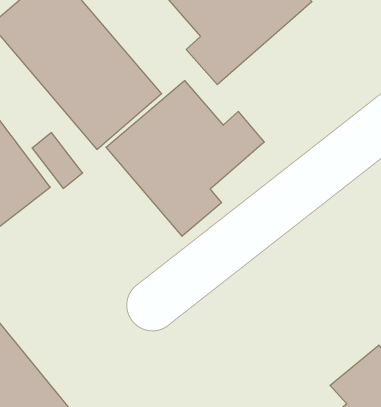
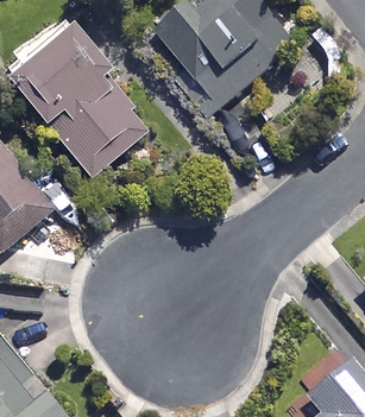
building: [106,81,264,236] -> none

